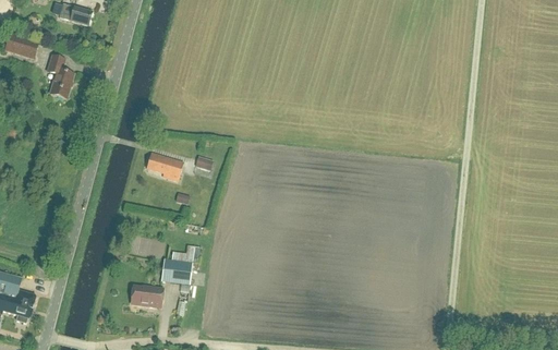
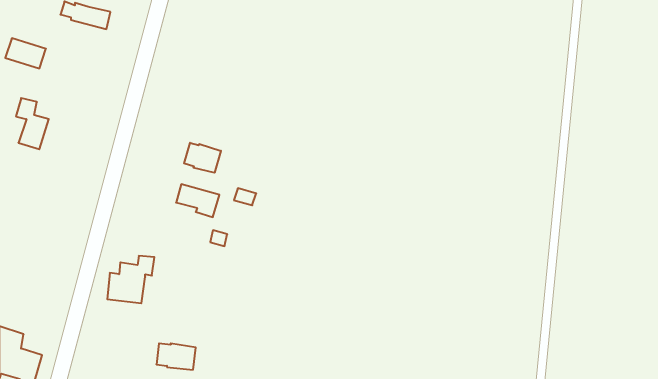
building: [48,56,75,98] -> [16,98,49,149]
building: none -> [184,143,221,173]
building: [161,245,201,285] -> [107,256,154,303]

